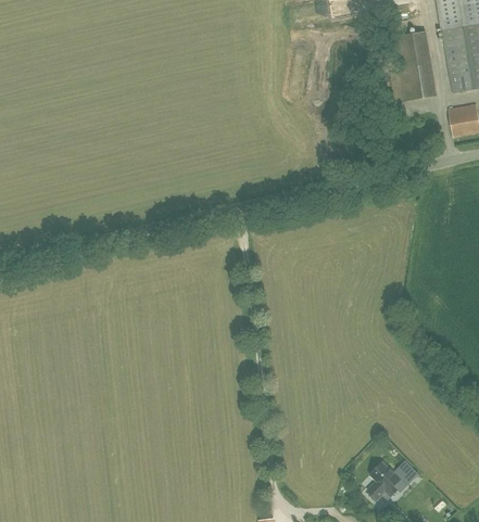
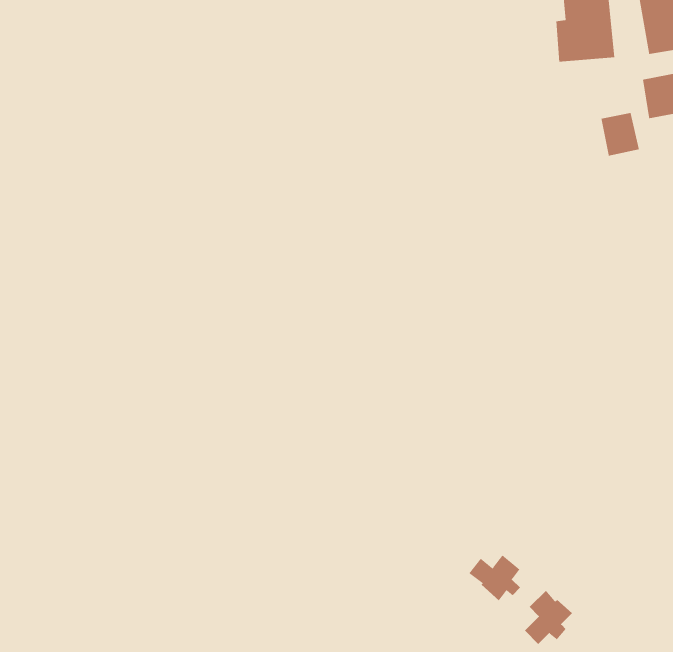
building: none -> [601,112,639,156]
building: none -> [469,555,521,601]

